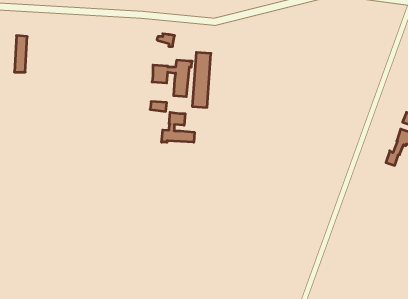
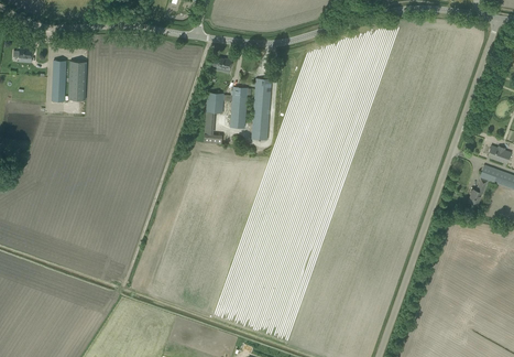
building: none -> [69,61,87,100]
building: [162,112,194,142] -> none

